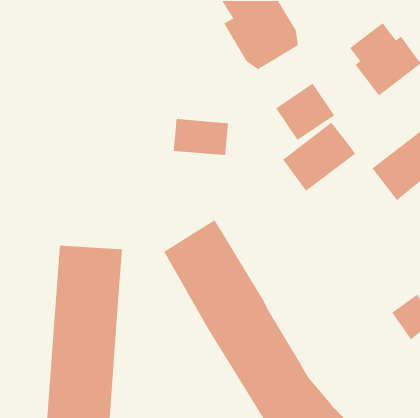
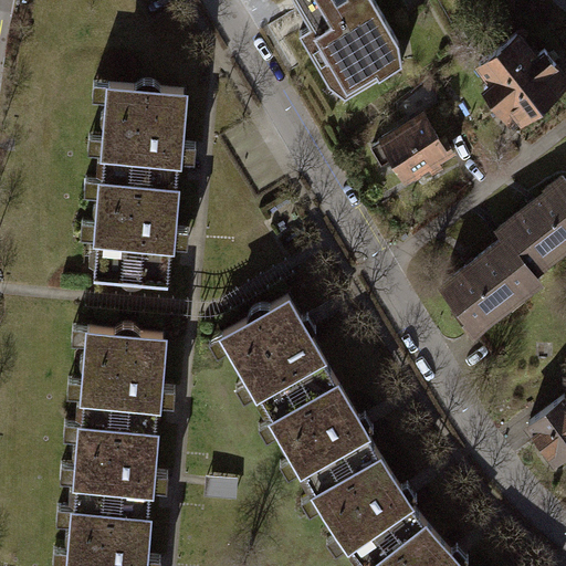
building: none -> [91,86,185,283]
building: [173,118,229,156] -> none
building: [282,122,356,192] -> [440,239,539,333]

